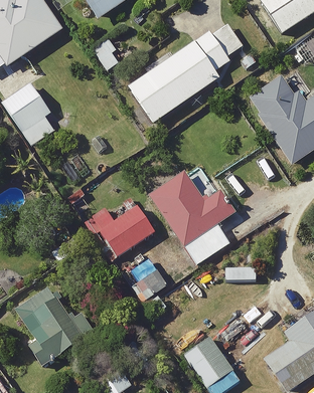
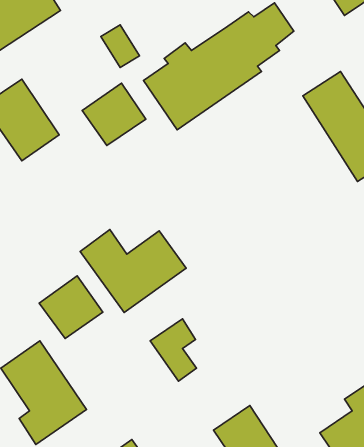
building: none -> [82,83,146,145]
building: [150,172,233,264] -> none
building: none -> [39,276,103,338]

